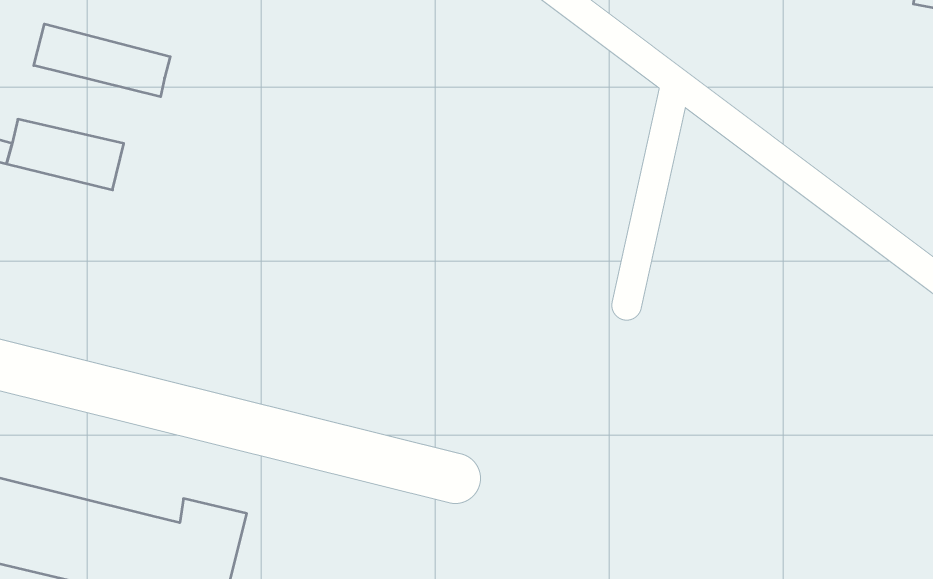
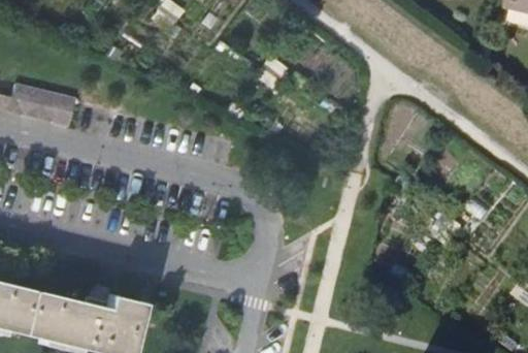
building: [34,24,170,97] -> none

